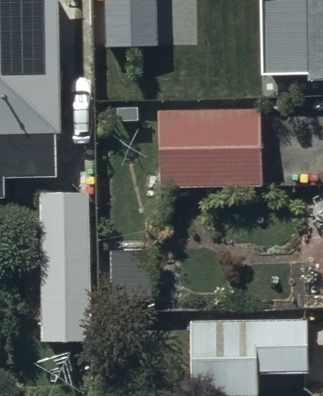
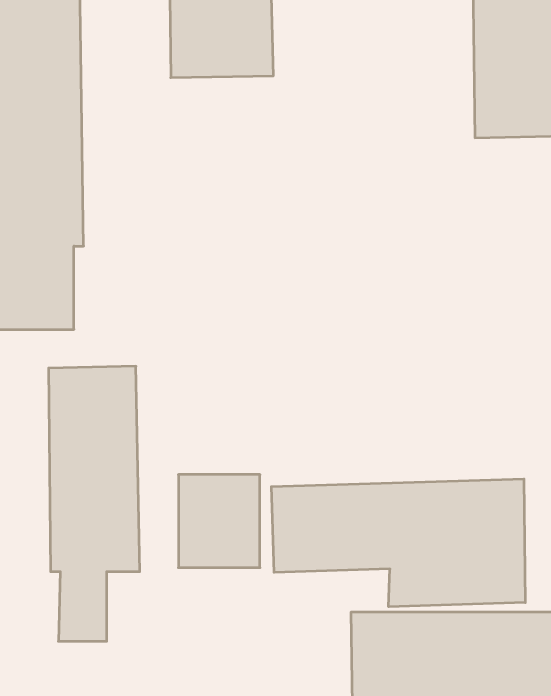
building: [158,108,260,188] -> none
building: none -> [271,479,525,607]

